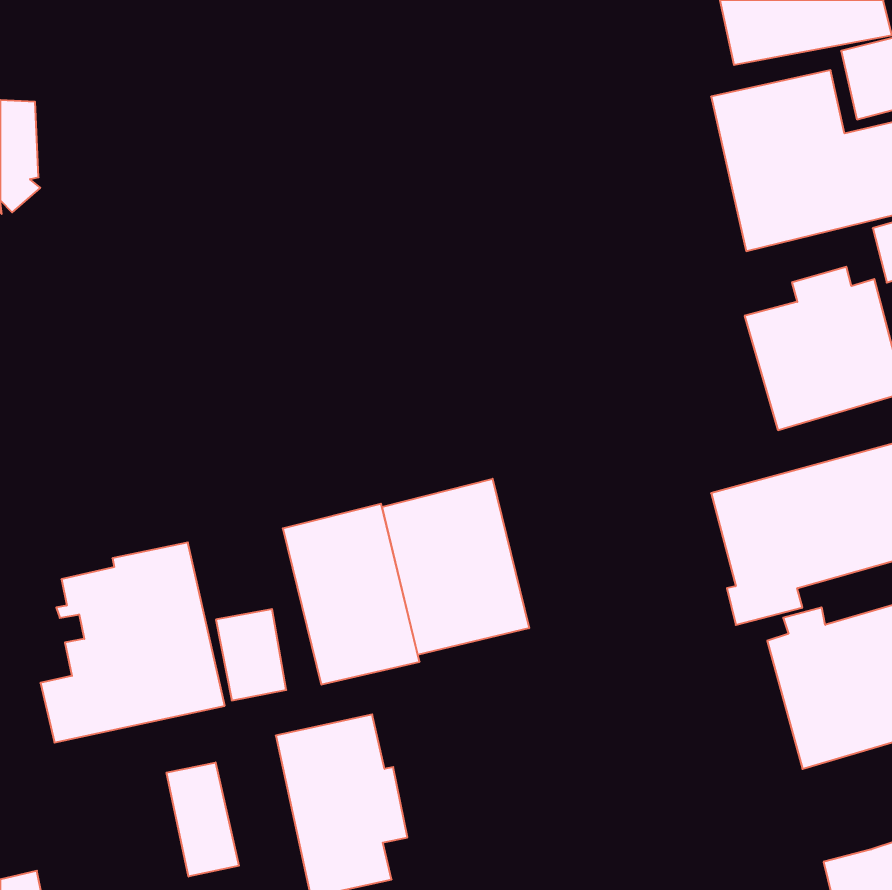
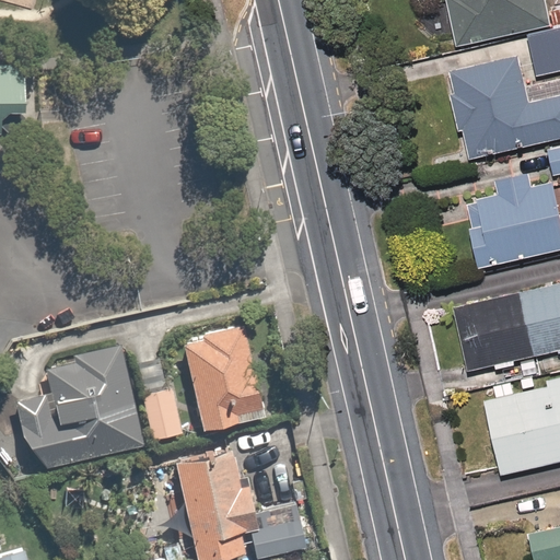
building: [382,479,529,655] -> none
building: [167,762,239,877] -> none
building: none -> [256,505,303,553]

